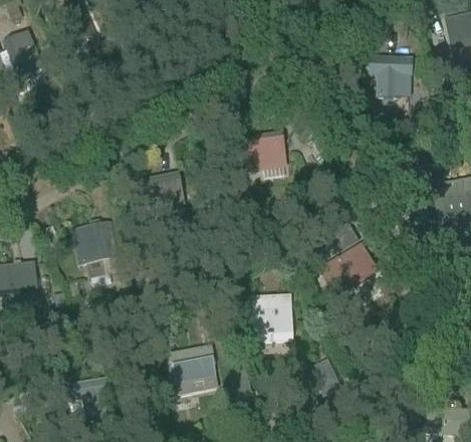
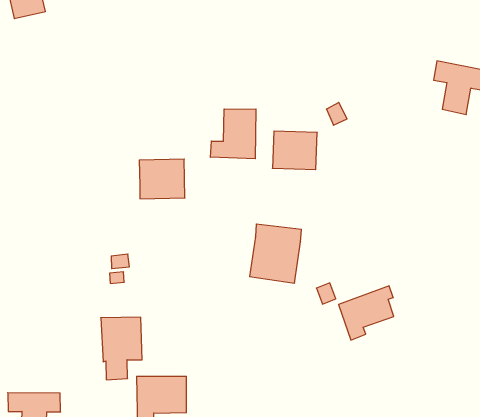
building: none -> [210,109,256,159]
building: [74,222,113,277] -> [101,317,142,380]
building: [252,294,291,340] -> [250,224,301,283]

